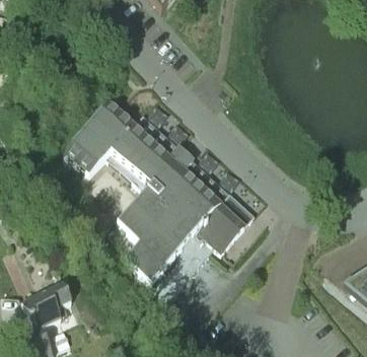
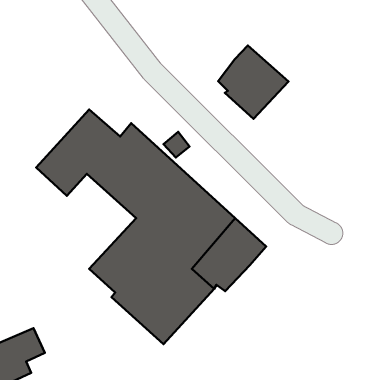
building: none -> [218,45,289,119]

